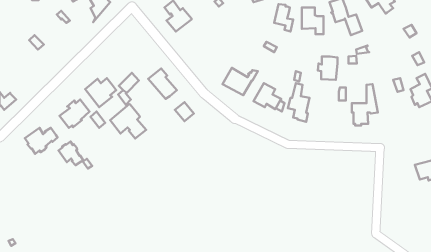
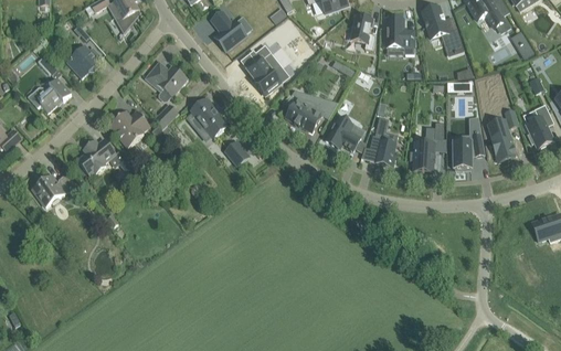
building: none -> [66,44,102,76]
building: none -> [246,44,289,94]
building: none -> [145,61,187,96]
building: none -> [34,77,71,111]
building: [318,57,338,80] -> [409,141,434,171]
building: none -> [489,127,515,161]
building: [110,104,146,138] -> none
building: [58,142,83,165] -> none

